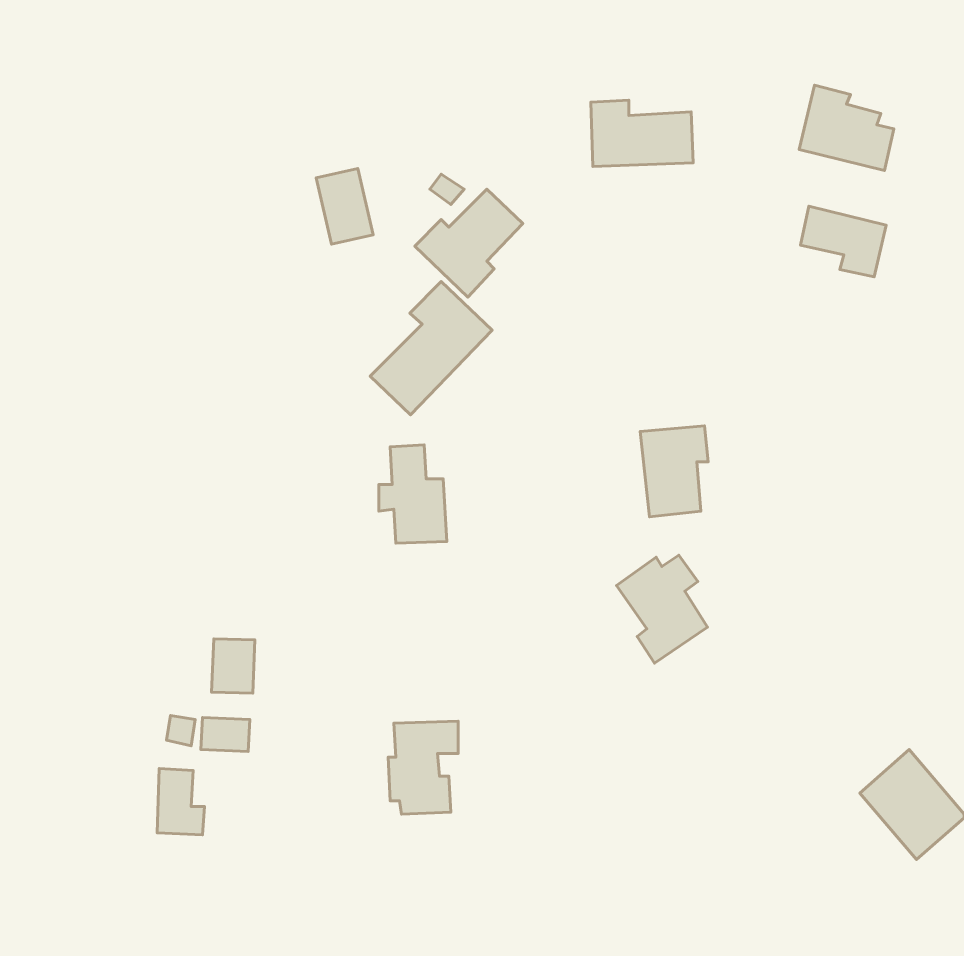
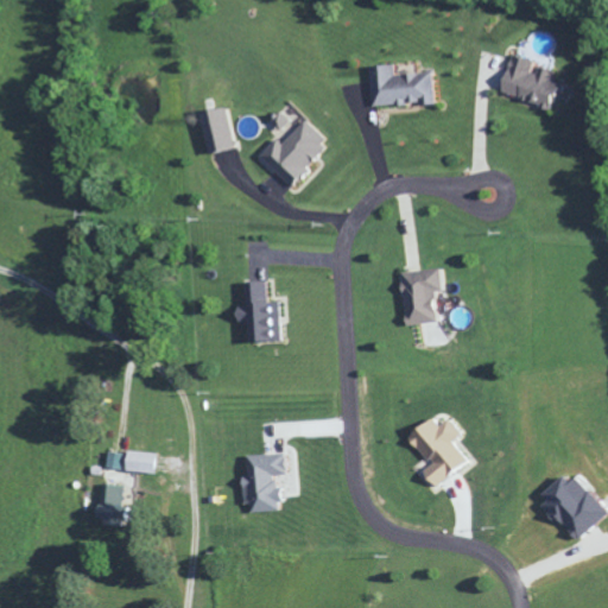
building: [800,206,886,277] -> none
building: [370,282,492,415] -> none
building: [616,555,707,663] -> [408,417,466,484]
building: [212,639,255,693] -> none

